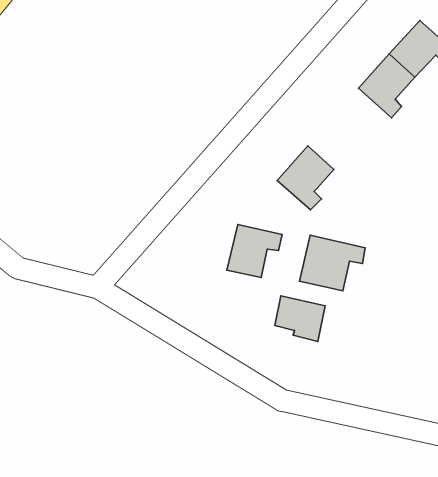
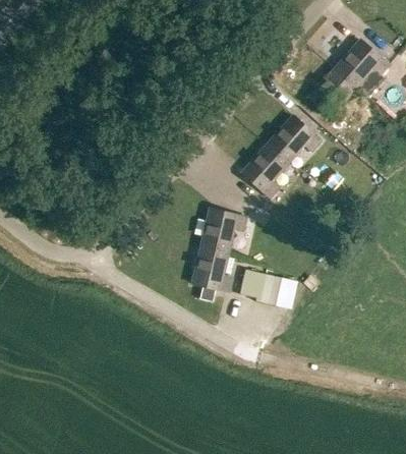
building: none -> [268,115,321,163]
building: [300,235,365,291] -> none
building: none -> [192,246,231,291]

